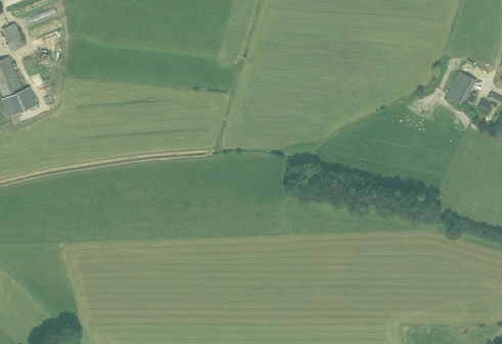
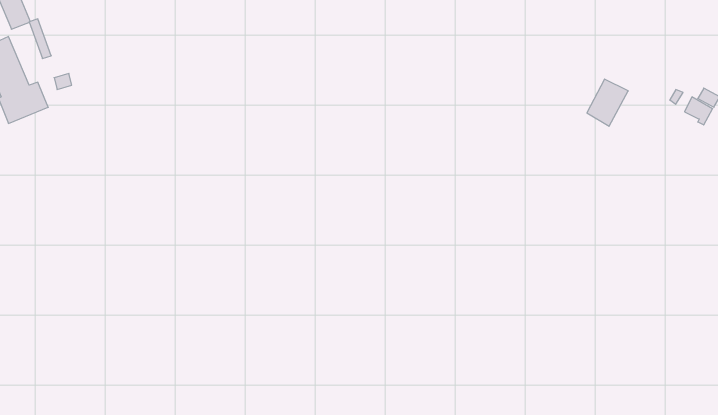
building: [447,71,475,104] -> [587,79,628,126]

